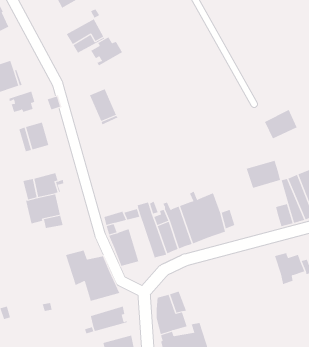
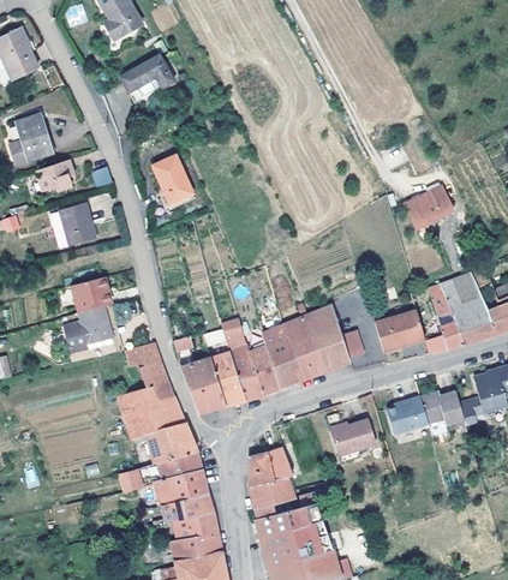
building: [91,36,123,66] -> none
building: [246,160,281,188] -> [373,310,424,351]
building: none -> [126,341,173,401]
building: none -> [210,349,246,405]
building: none -> [386,396,428,433]
building: none -> [331,419,375,455]
building: none -> [119,450,202,490]
building: none -> [169,492,214,521]

